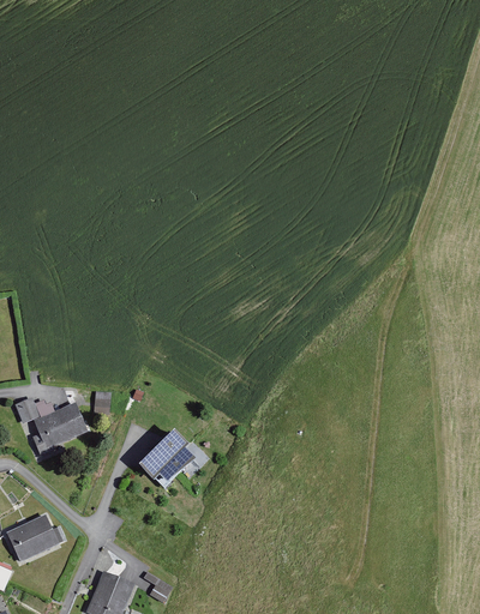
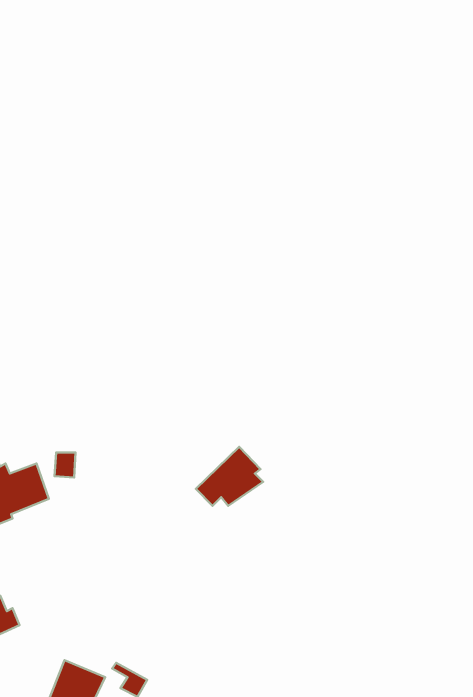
building: [140,431,198,481] -> [196,447,263,506]

